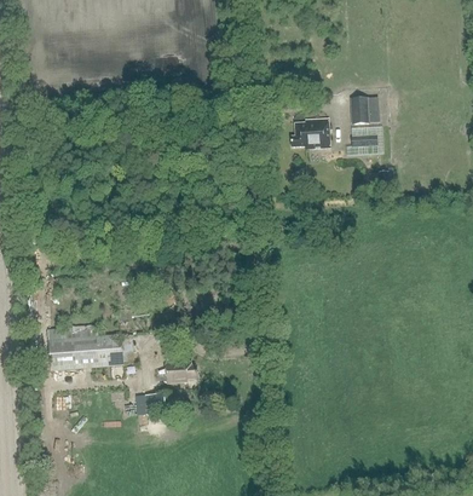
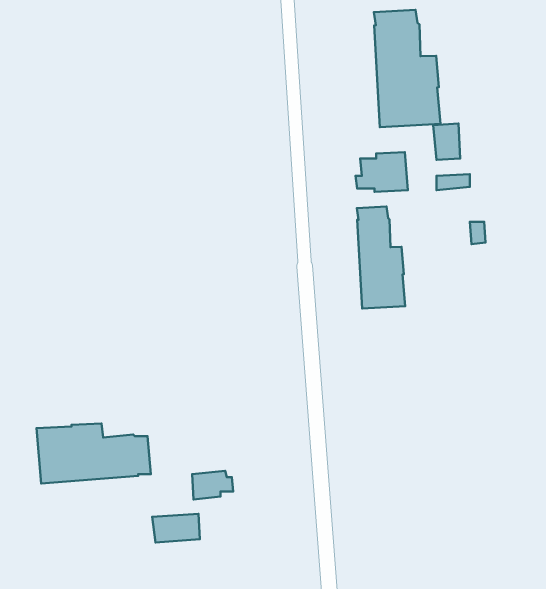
building: none -> [374,10,440,127]
building: none -> [357,207,405,309]

